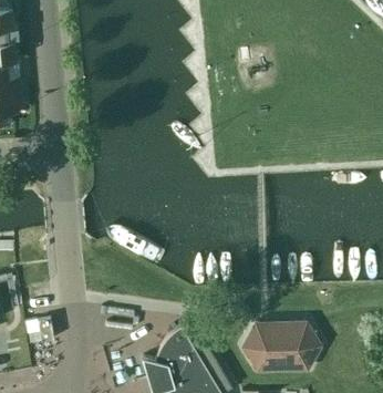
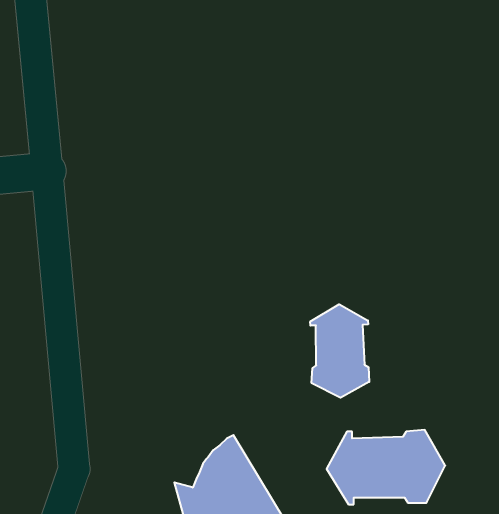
building: none -> [310,304,369,398]

